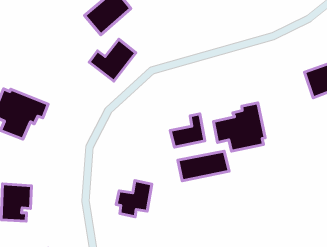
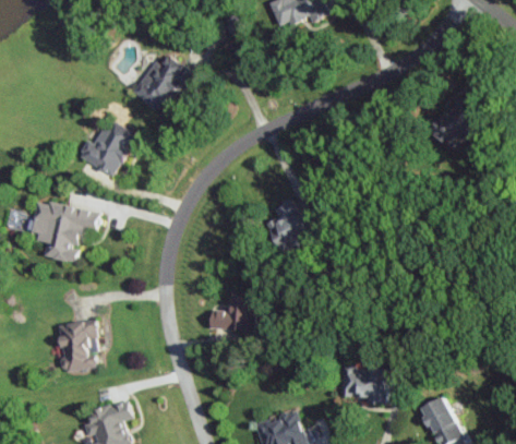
building: [89,39,136,81] -> [76,120,135,176]
building: [214,103,265,151] -> none
building: [178,151,229,181] -> none

